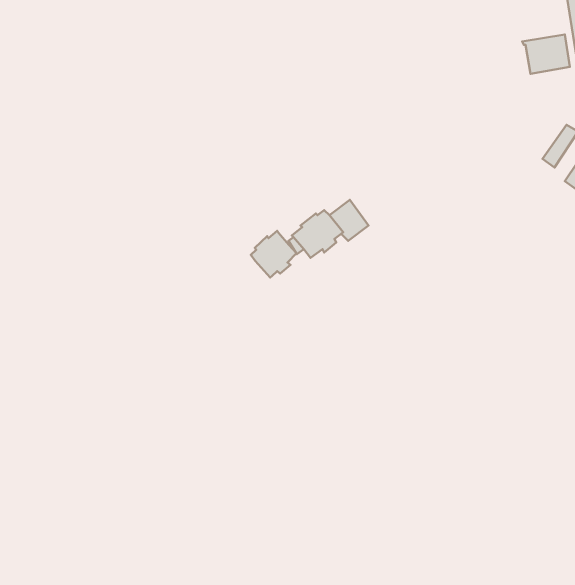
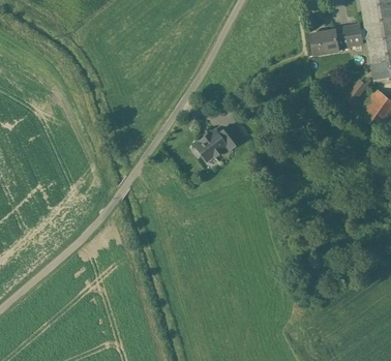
building: none -> [311,29,340,54]
building: [251,231,296,277] -> none

